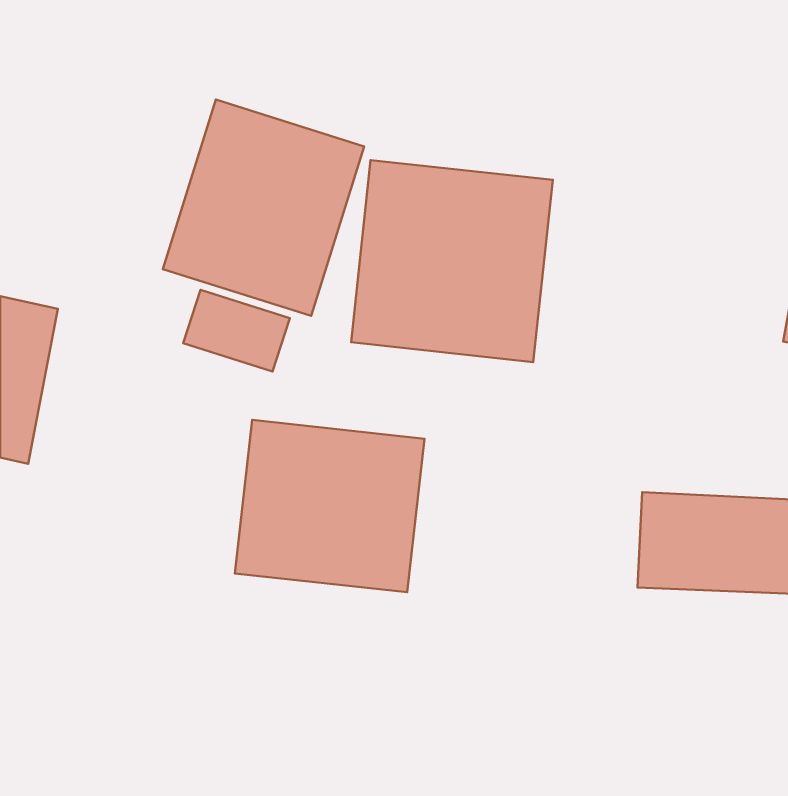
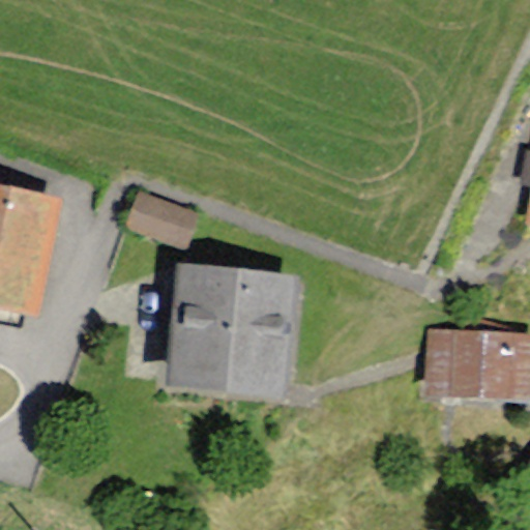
building: [163,100,364,316] -> none
building: [351,160,553,362] -> none

